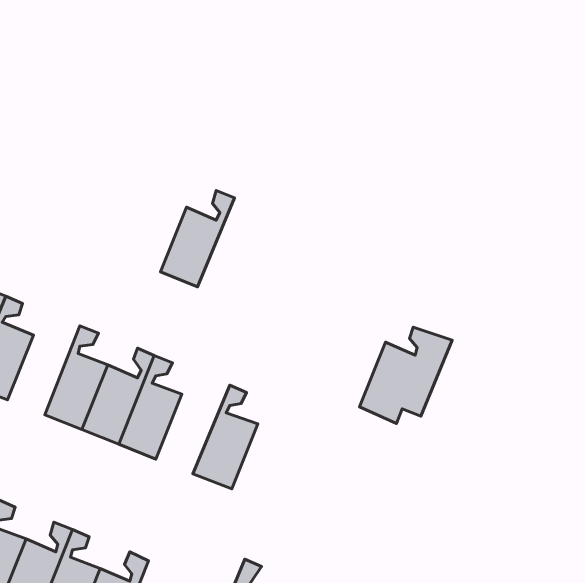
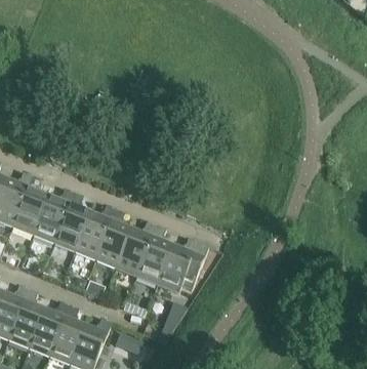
building: [161,190,235,287] -> [115,221,156,275]
building: none -> [33,189,73,242]
building: [360,327,452,424] -> [157,239,208,292]

